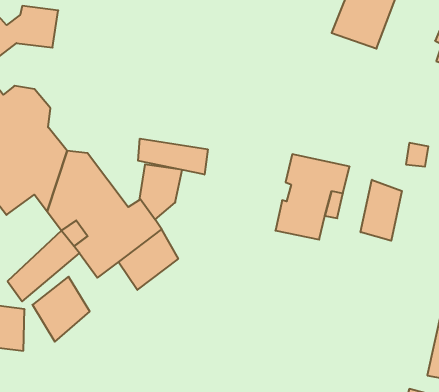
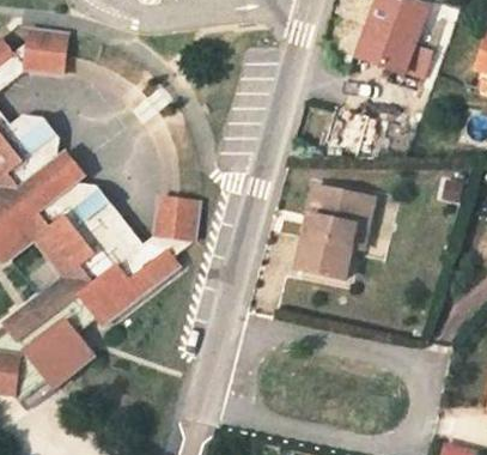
building: [138,139,208,175] -> none
building: [361,180,402,241] -> none
building: [119,230,178,290] -> none

